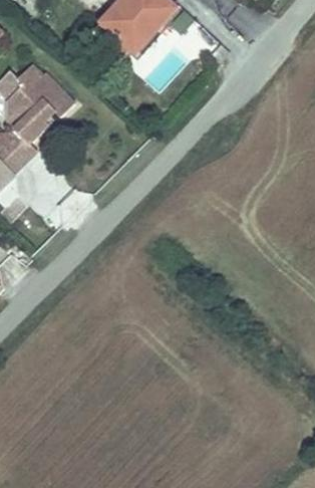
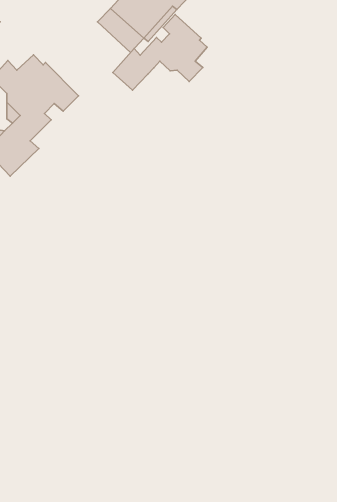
building: none -> [113,14,207,90]

